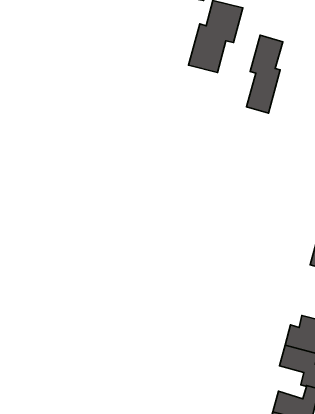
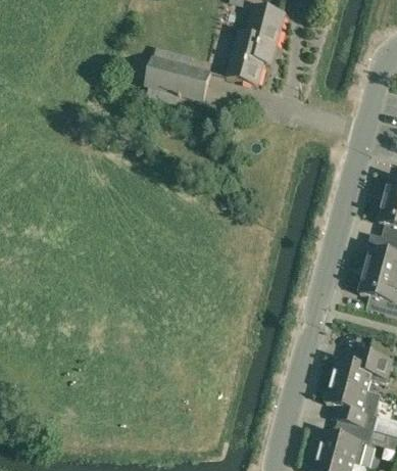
building: [246,35,283,113] -> none
building: none -> [146,48,210,108]

